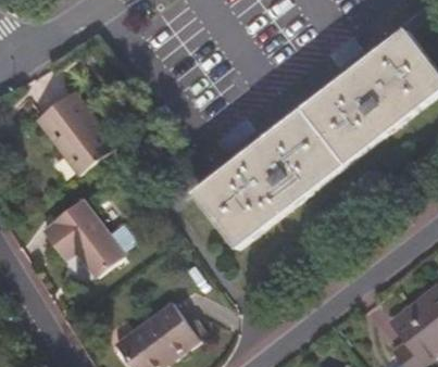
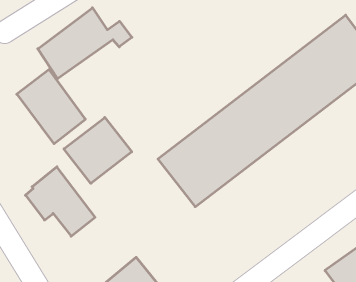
building: none -> [38,8,132,79]
building: none -> [64,117,132,183]

